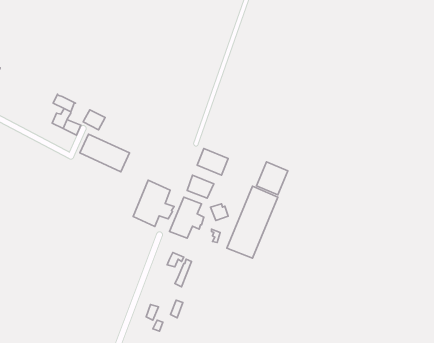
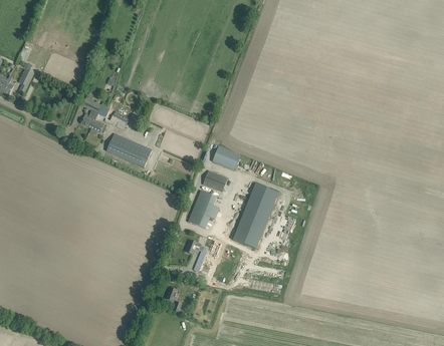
building: [257,162,288,195] -> none
building: [133,180,174,226] -> none

